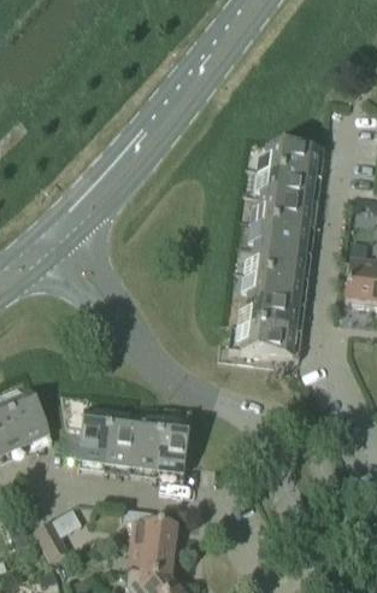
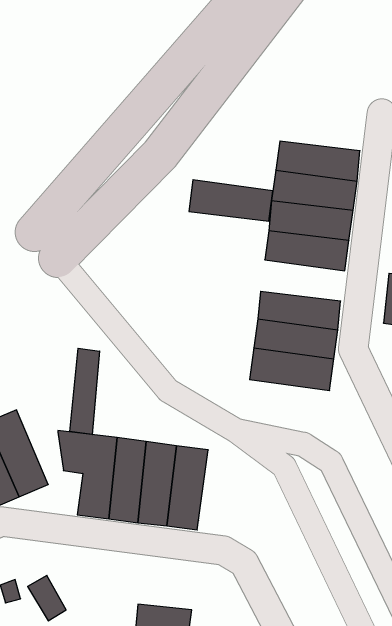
building: [237,243,311,280] -> [189,180,273,221]
building: none -> [70,348,100,435]
building: [123,507,178,550] -> none

